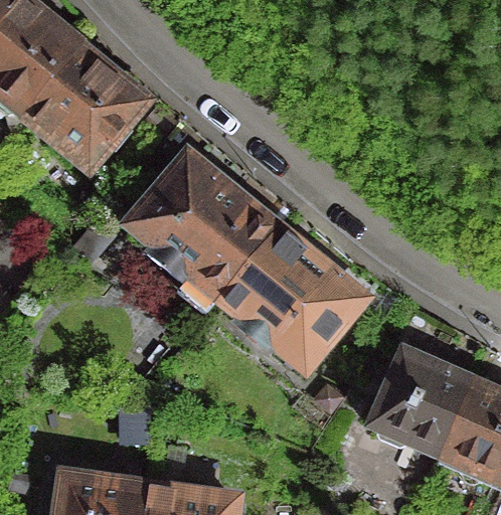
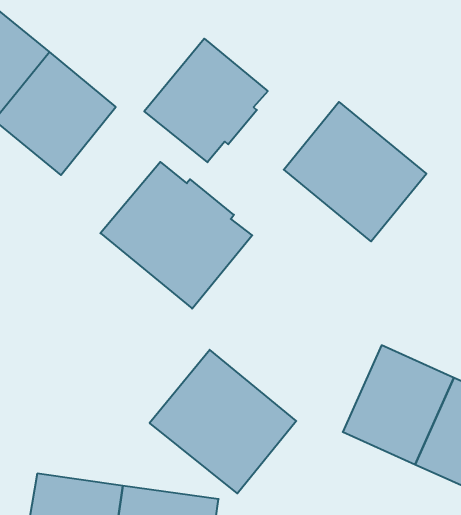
building: none -> [144,39,268,162]
building: none -> [284,102,426,241]
building: [217,232,362,374] -> [150,350,296,493]

